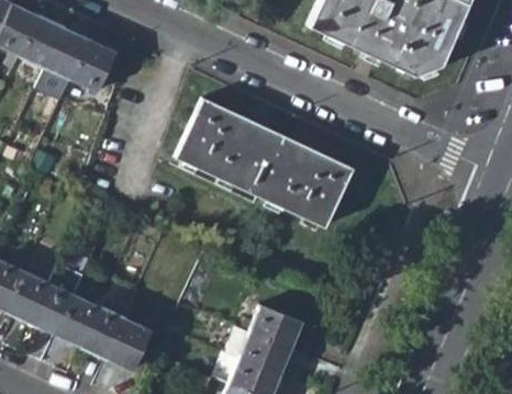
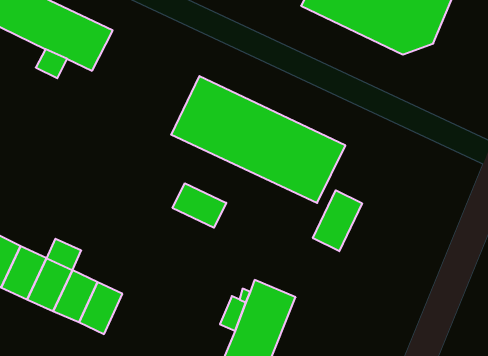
building: none -> [173,183,226,228]
building: none -> [313,190,362,251]
building: [111,320,156,372] -> none

